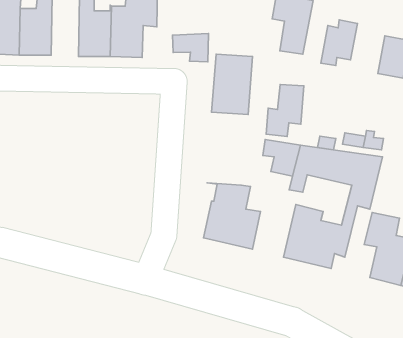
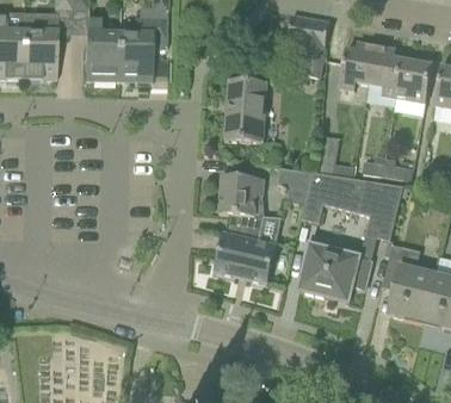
building: none -> [370,45,406,98]
building: [172,33,208,62] -> none
building: [266,84,304,137] -> none
building: none -> [220,174,264,215]

